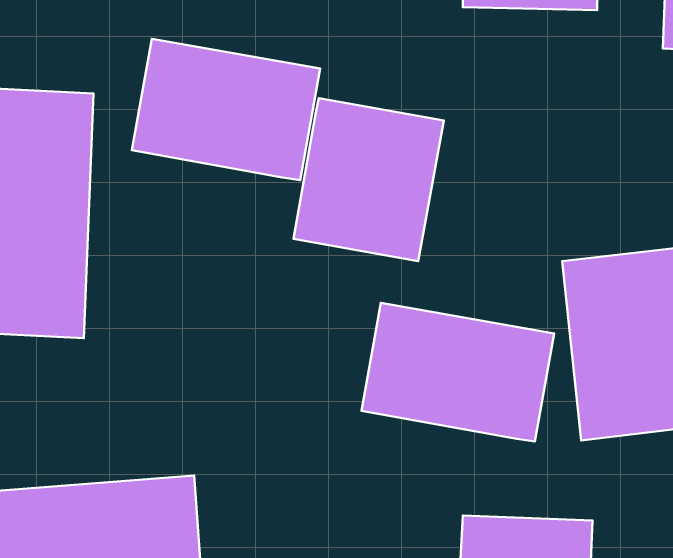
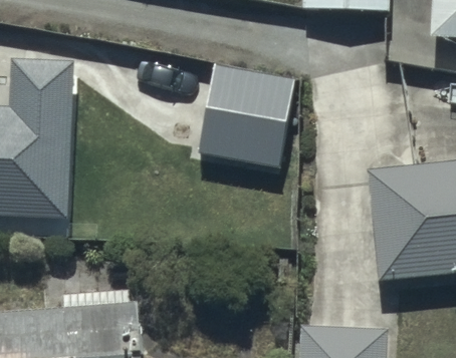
building: [132,39,320,180] -> none
building: [362,303,554,442] -> none

